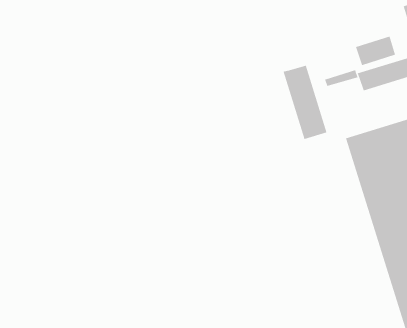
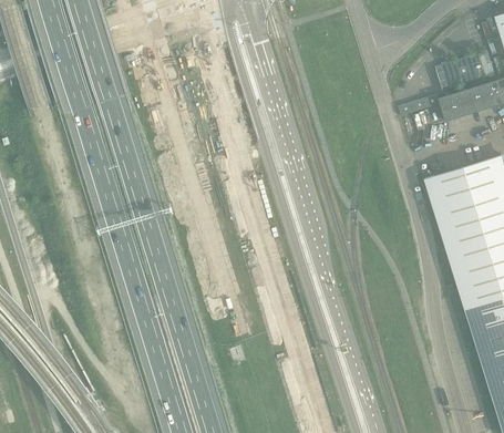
building: [283,65,327,140] -> none

